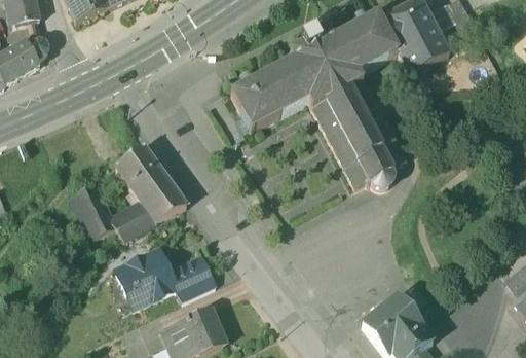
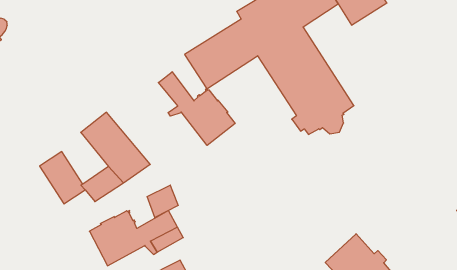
building: none -> [158,72,235,145]
building: none -> [147,185,178,218]

